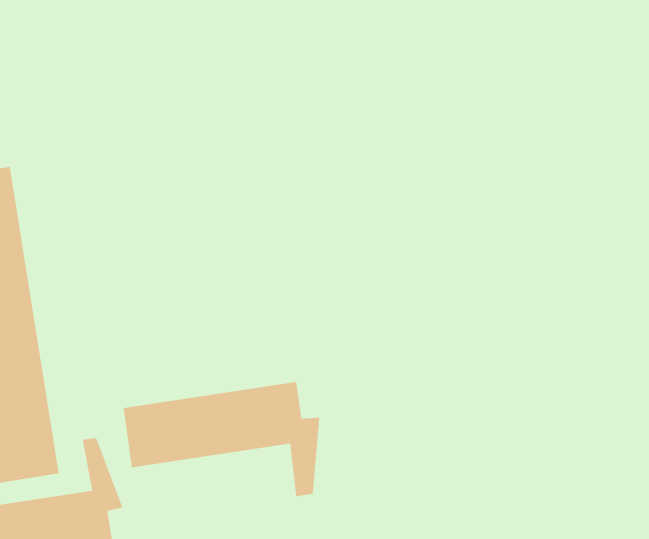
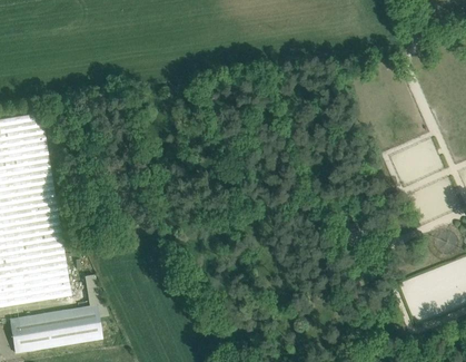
building: [123,381,320,497] -> none

